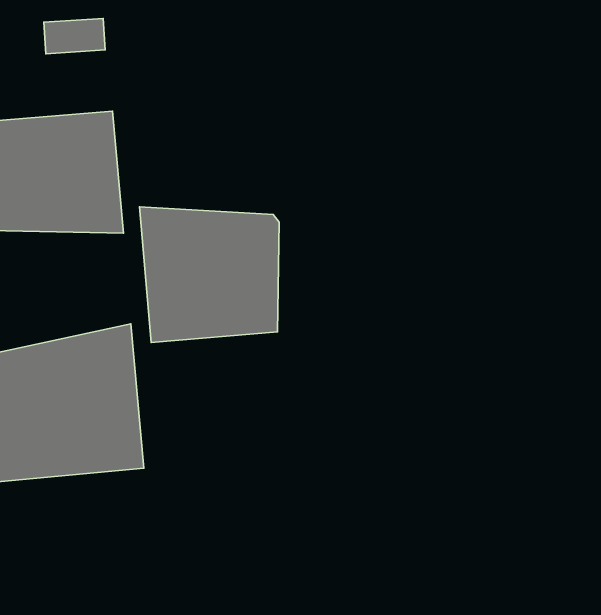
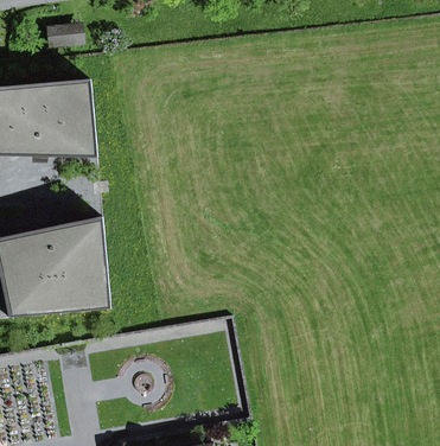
building: [140,207,279,342] -> none

